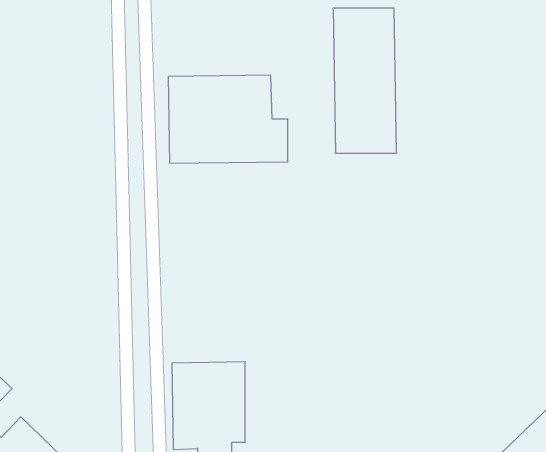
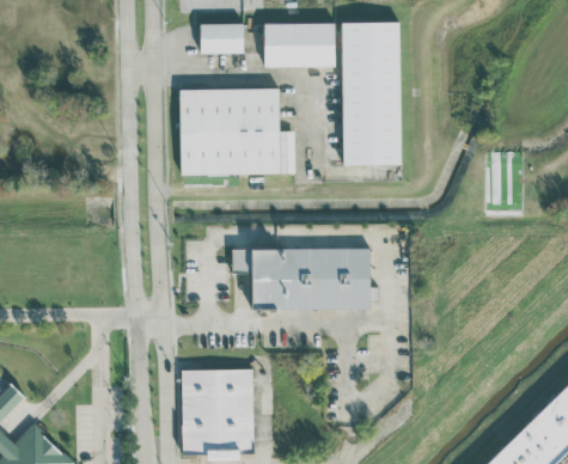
building: none -> [261,22,335,66]
building: none -> [197,23,243,53]
building: none -> [231,246,374,310]

